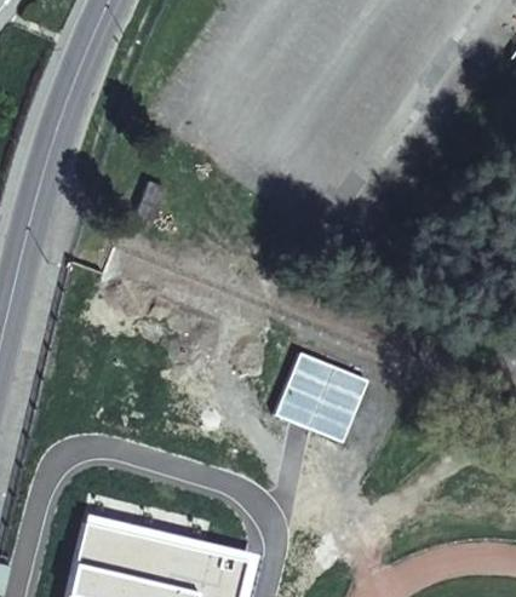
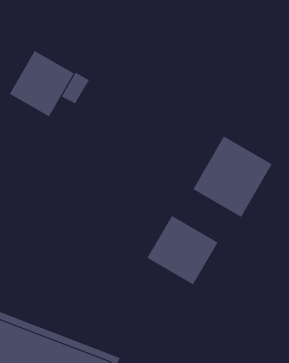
building: none -> [9,50,74,117]
building: none -> [193,136,273,218]

